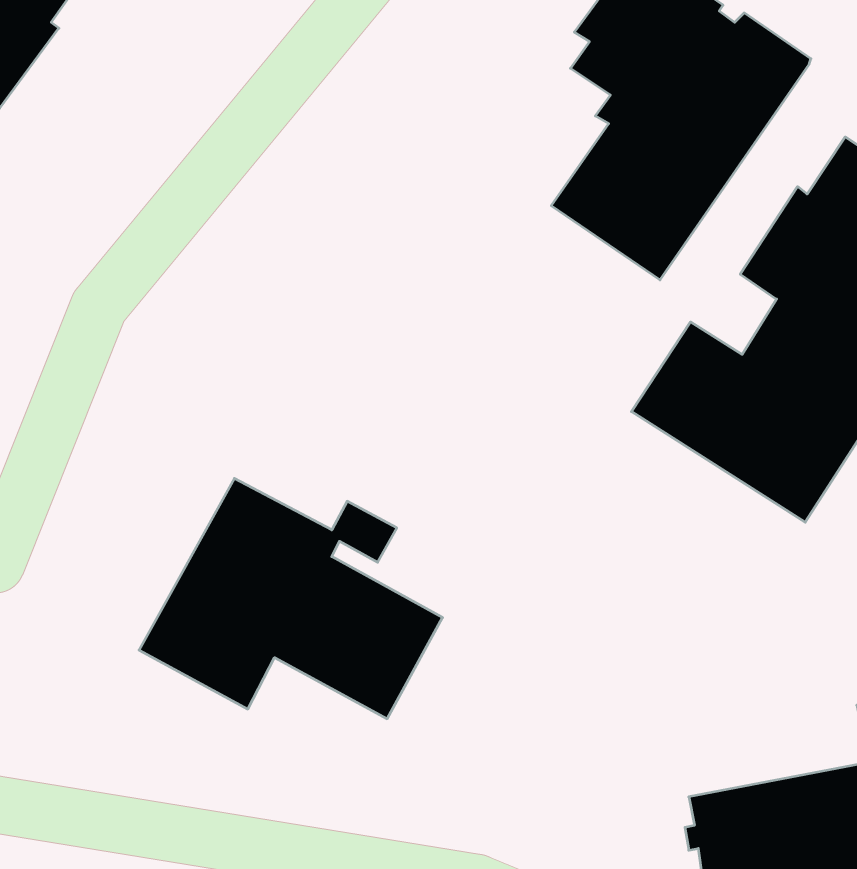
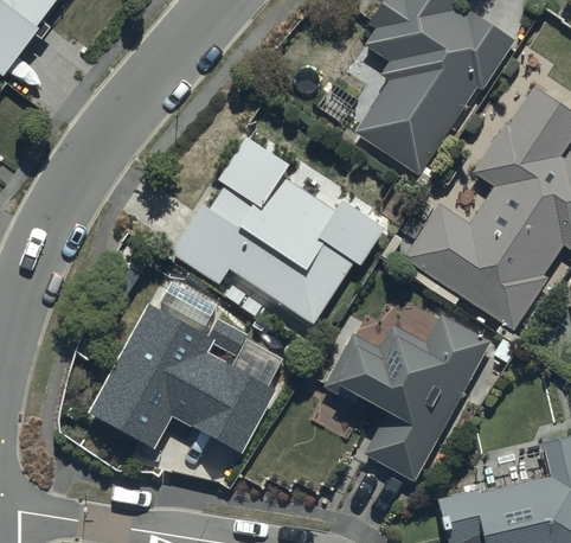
building: none -> [169,138,380,322]
building: none -> [325,314,488,479]

